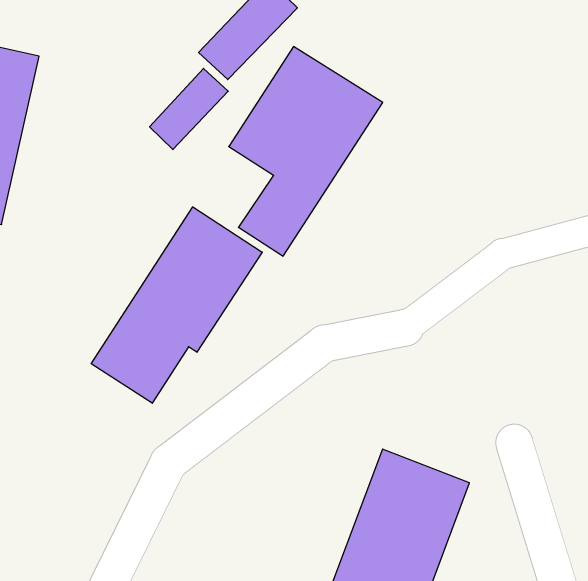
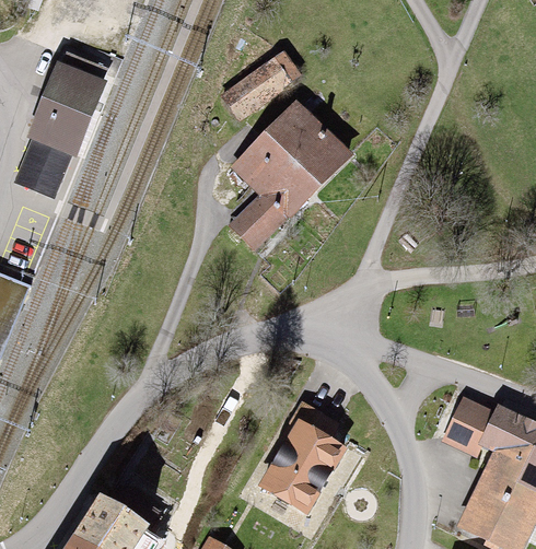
building: [150,68,228,150] -> none
building: [91,207,262,403] -> none

